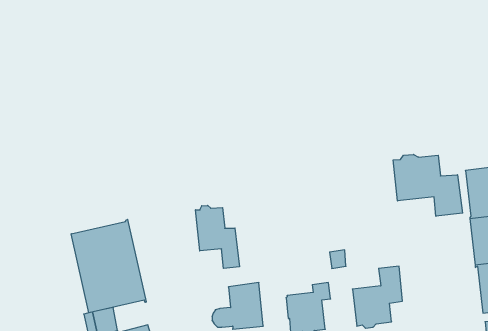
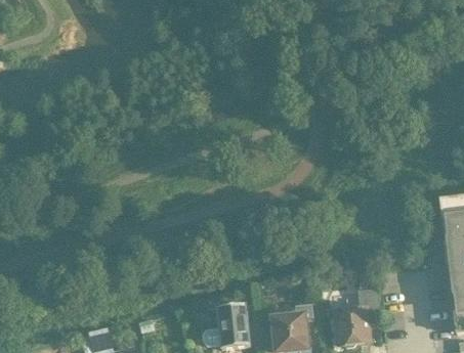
building: [393,154,463,216] -> none
building: [196,205,239,268] -> none
building: [71,219,146,313] -> none

